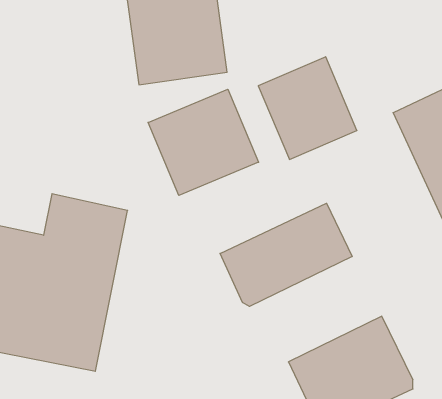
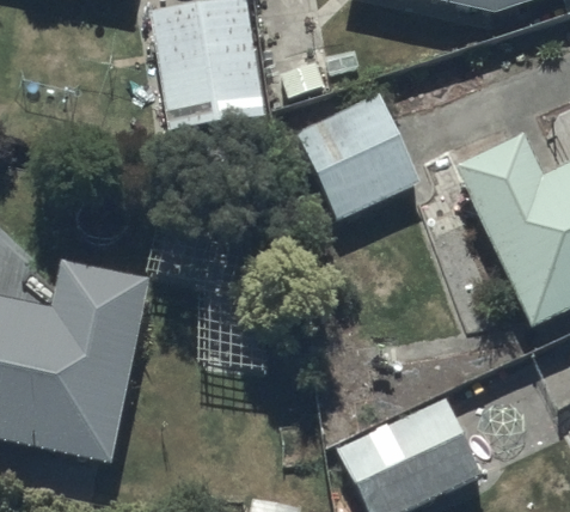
building: [148,89,259,195] -> none
building: [220,203,352,306] -> none

